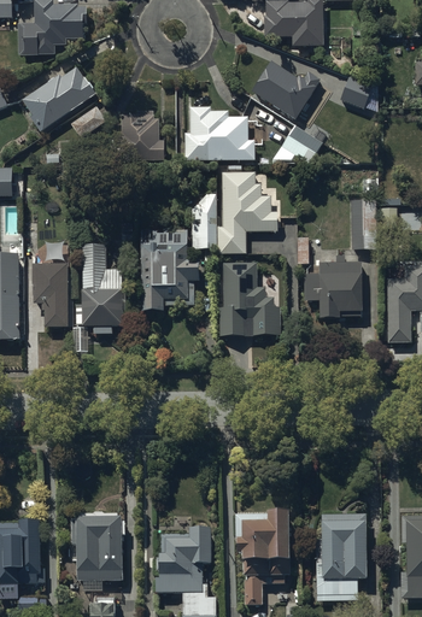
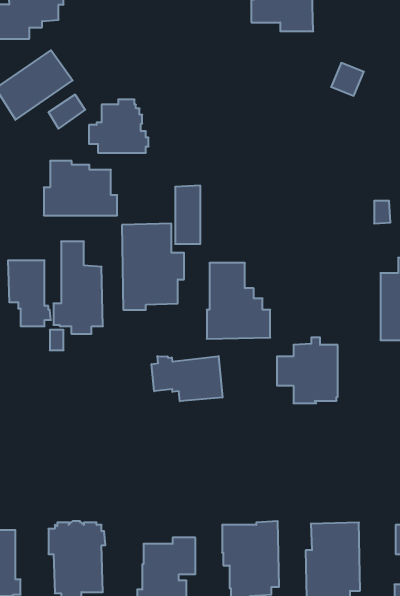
building: [252,60,321,118] -> none
building: [186,111,256,163] -> [44,161,117,215]
building: [285,125,321,160] -> none
building: [219,175,279,263] -> none
building: [352,199,376,247] -> none
building: [303,251,361,313] -> [277,337,338,403]
building: none -> [152,356,222,401]

